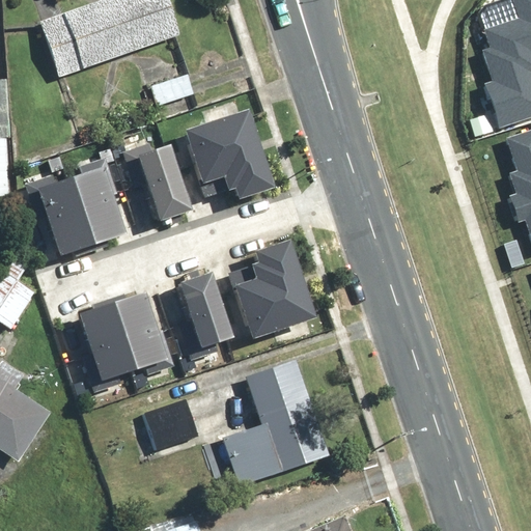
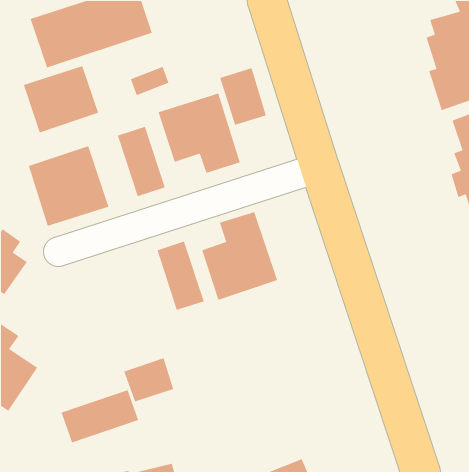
building: none -> [23,65,99,133]
building: none -> [219,67,267,126]
building: [78,290,167,380] -> none
building: [221,361,329,490] -> none
building: none -> [61,389,139,443]

